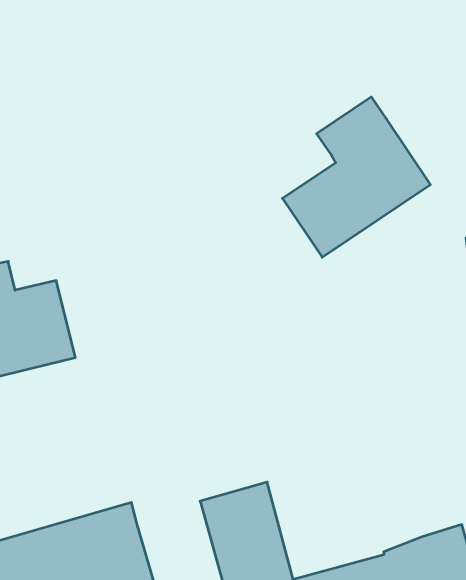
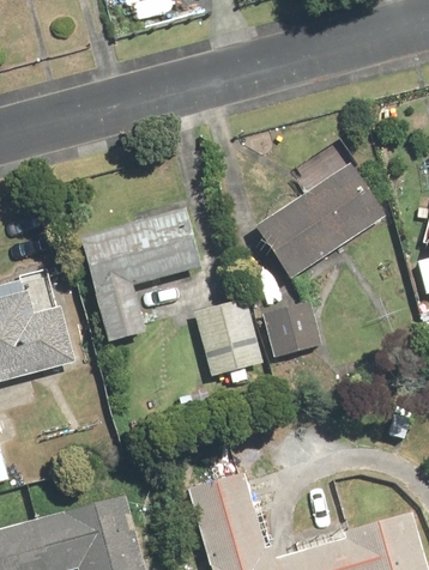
building: none -> [74,204,203,345]
building: none -> [193,297,265,375]
building: none -> [261,301,321,357]

